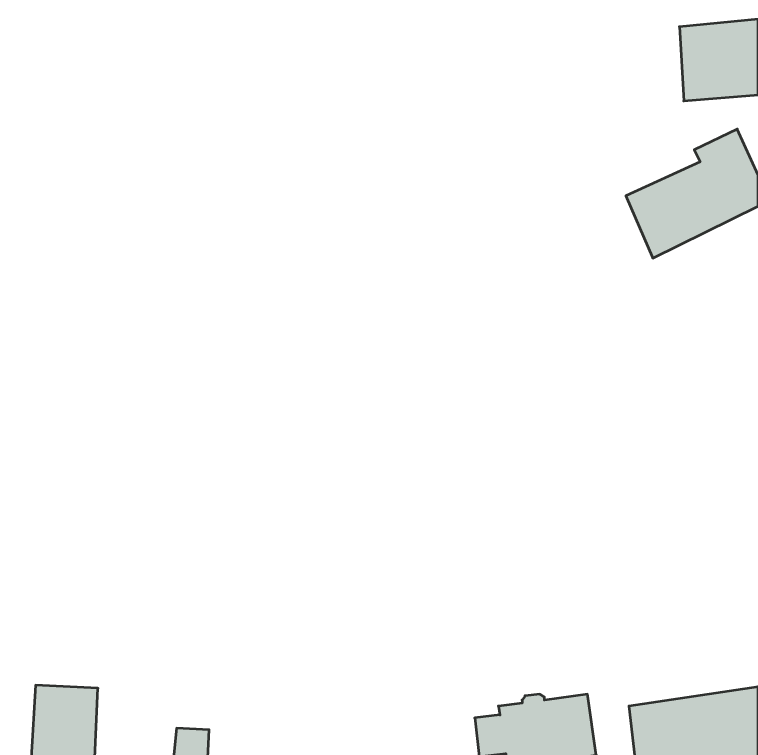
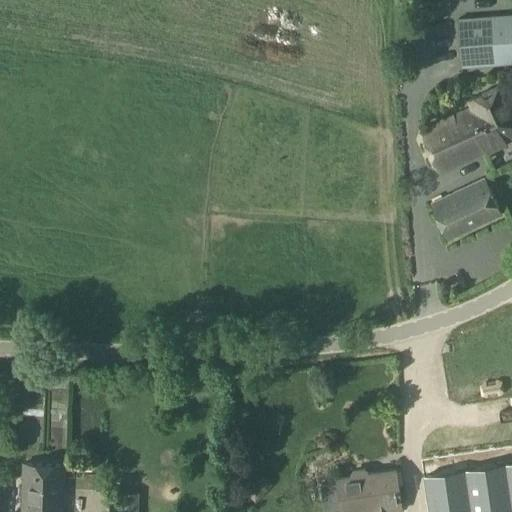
building: none -> [431,179,504,242]

